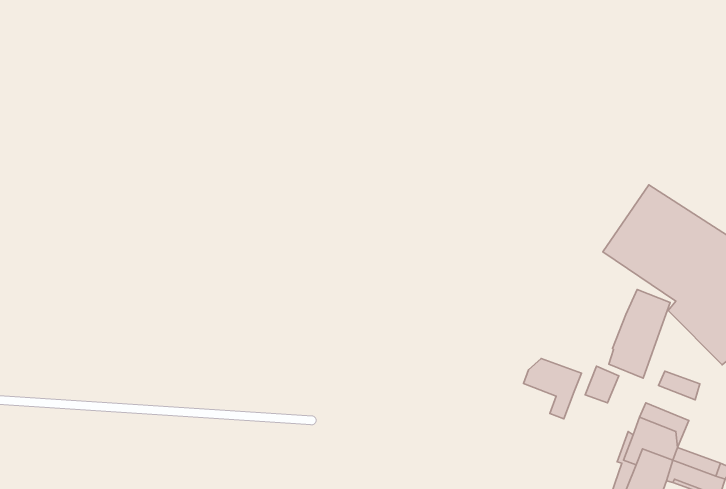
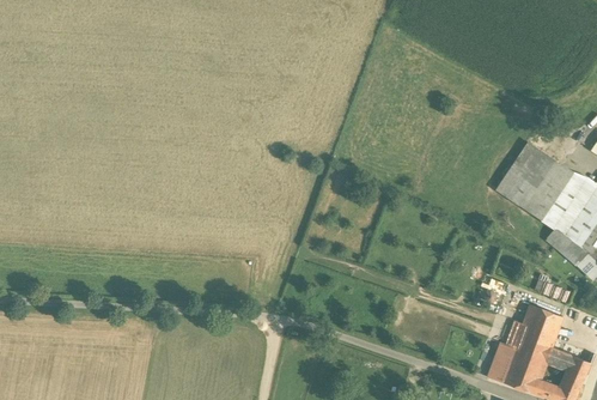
building: [609,290,670,378] -> none
building: [523,358,581,419] -> none

